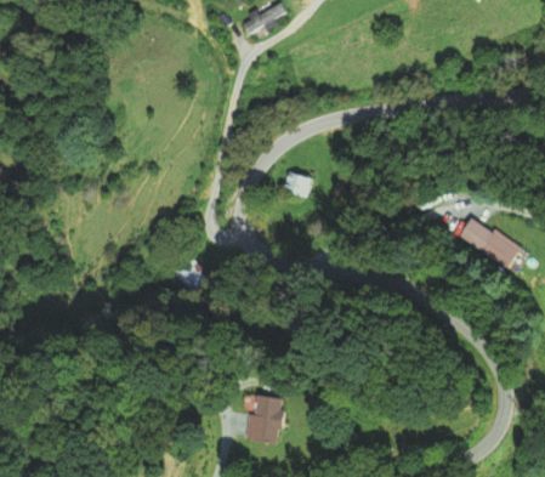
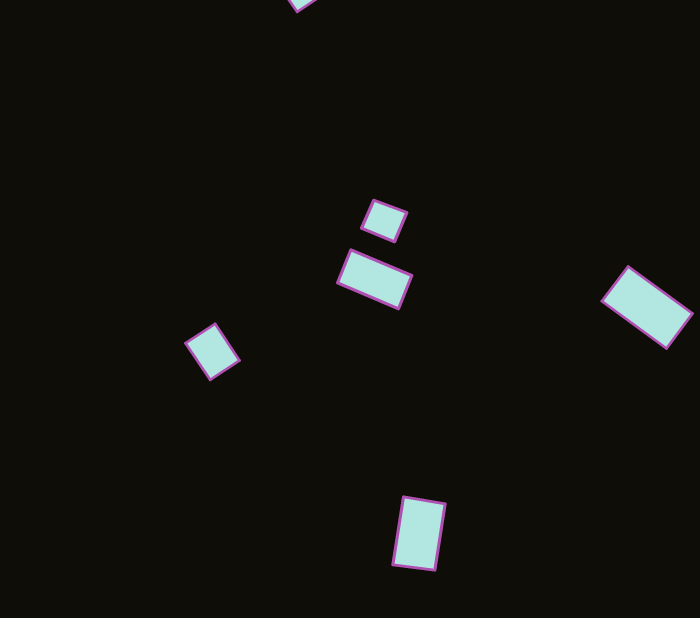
building: none -> [337,250,412,309]
building: [248,393,284,444] -> [393,497,445,570]

